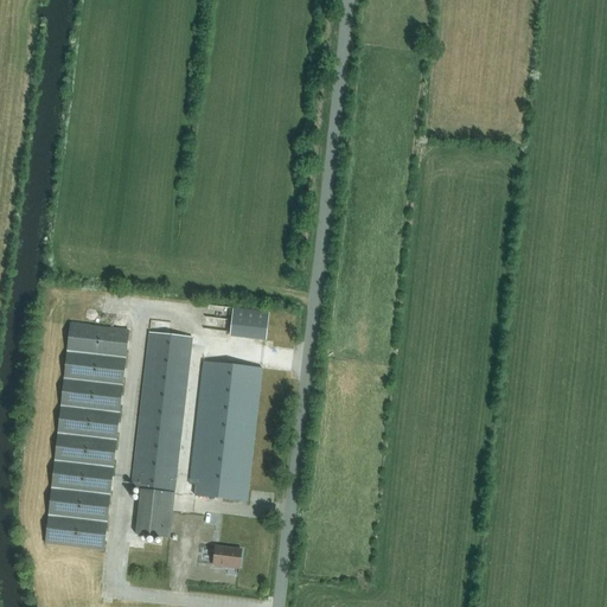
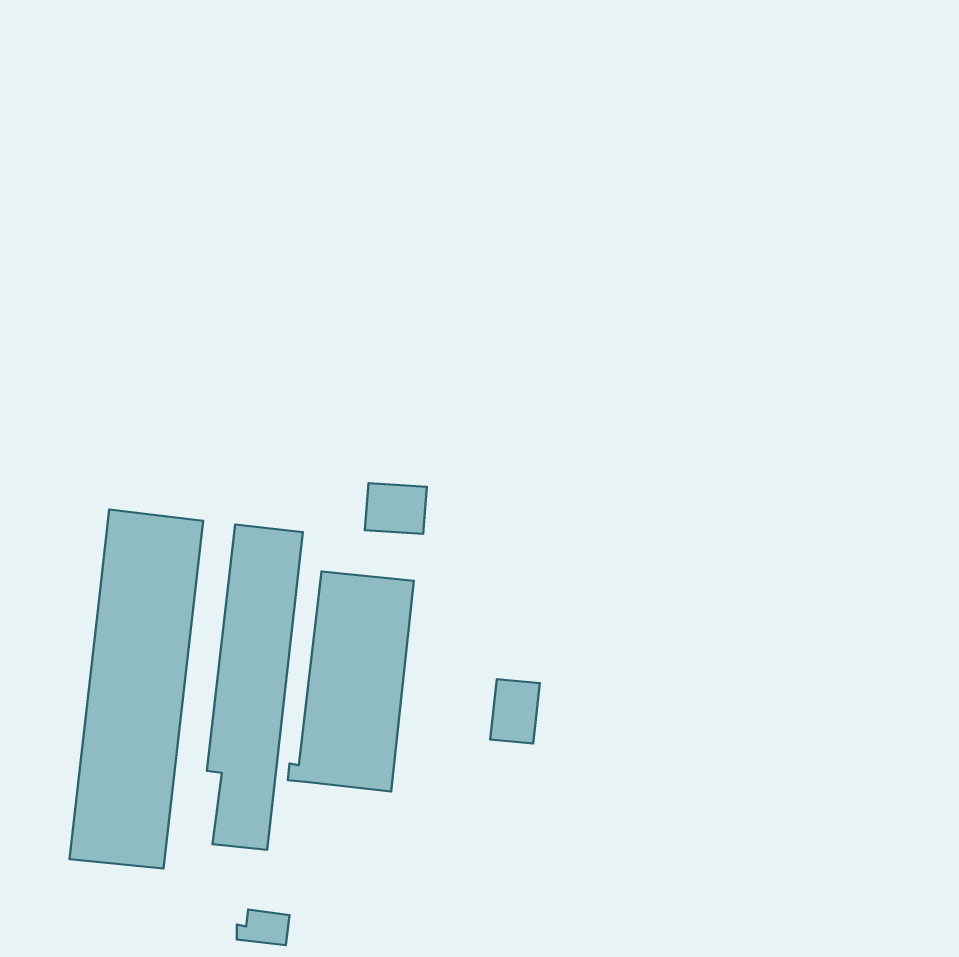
building: none -> [490,679,540,743]
building: [207,544,241,567] -> [237,909,289,945]

